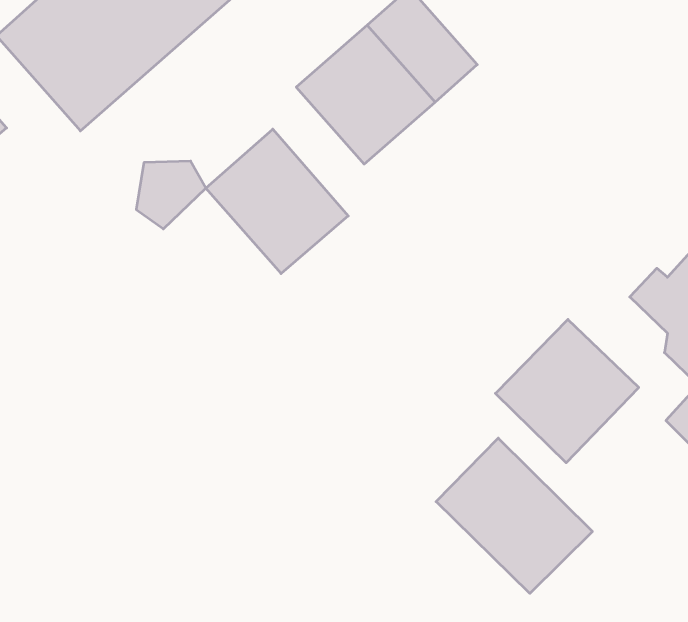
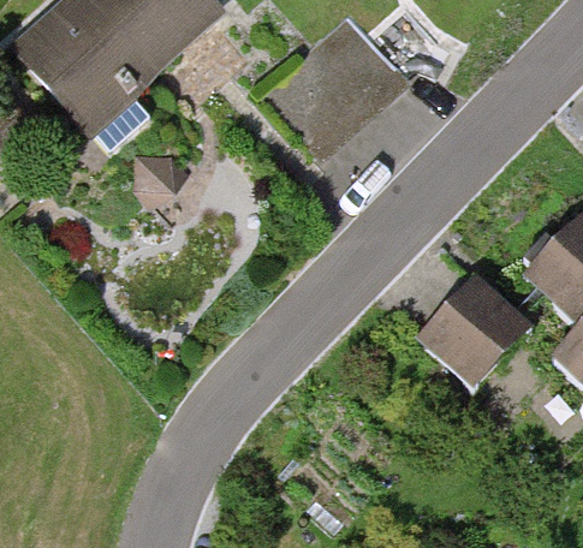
building: [206,129,348,274] -> none
building: [436,438,592,593] -> none

